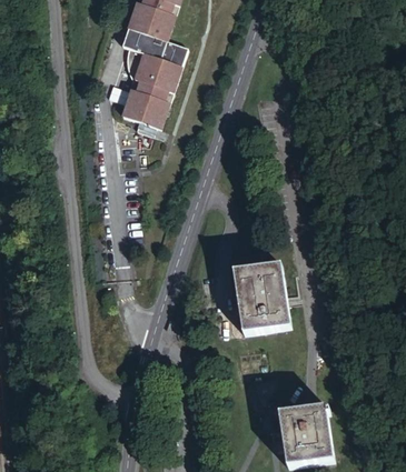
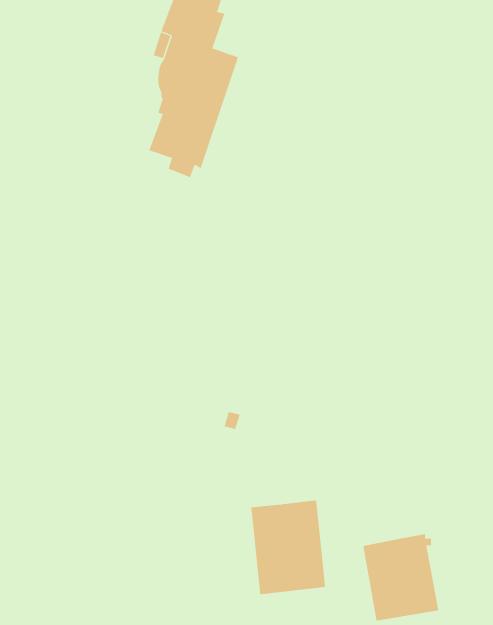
building: [231,260,287,330] -> [251,500,326,595]

